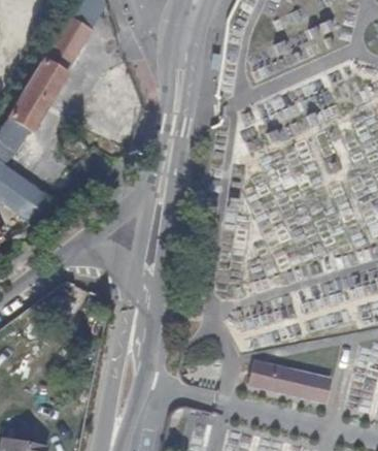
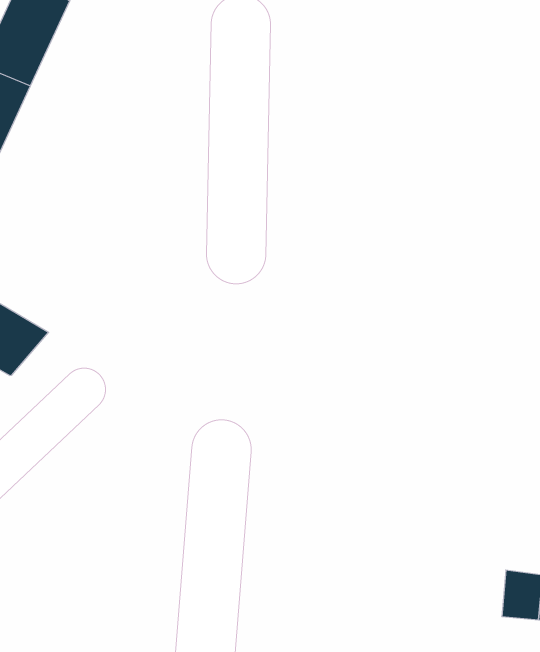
building: [248,359,293,392] -> none

